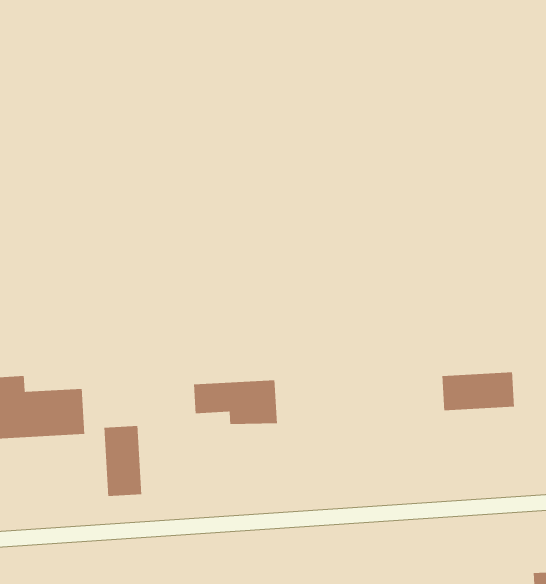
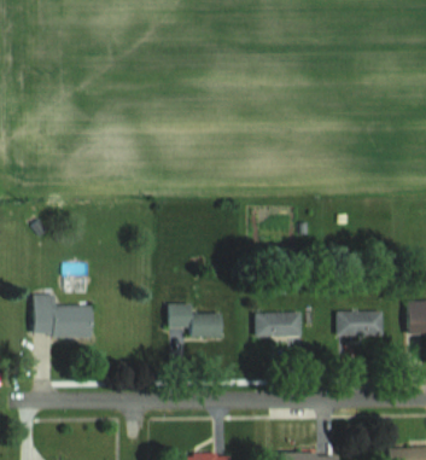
building: none -> [256,313,303,337]
building: [104,425,142,497] -> none

